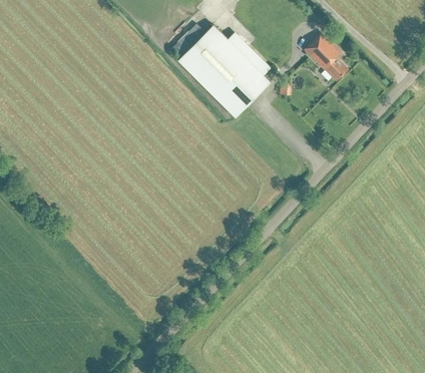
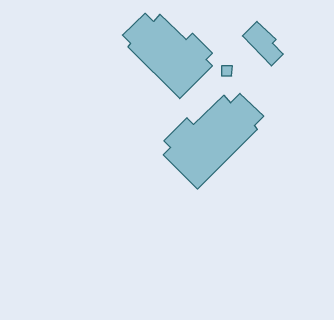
building: none -> [163,93,264,189]

